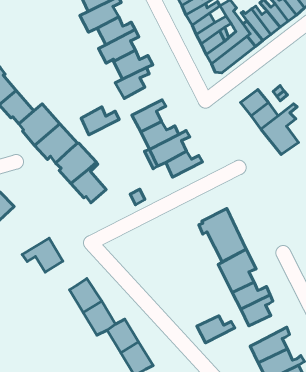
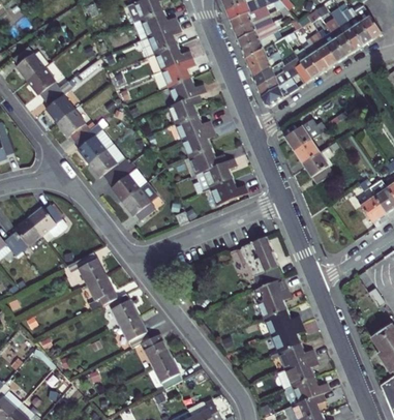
building: [81,107,119,135] -> [176,115,212,141]
building: none -> [88,275,118,310]
building: [197,316,235,343] -> [278,342,314,367]

